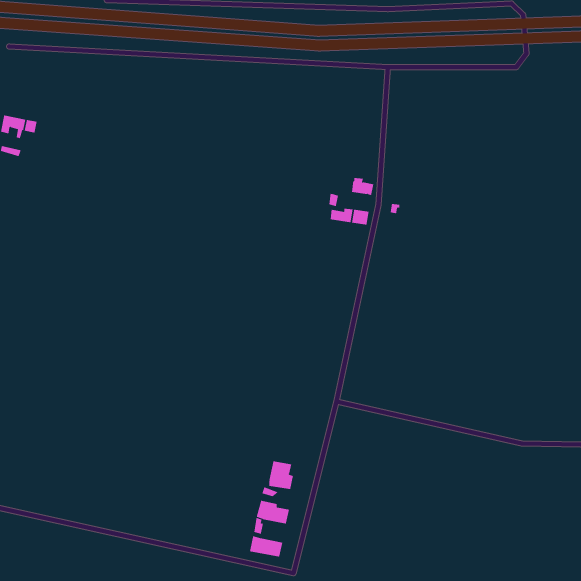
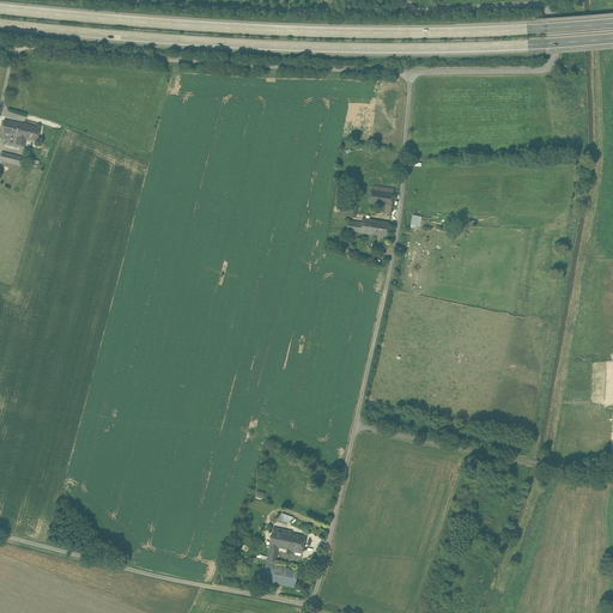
building: [269,460,293,490] -> none

